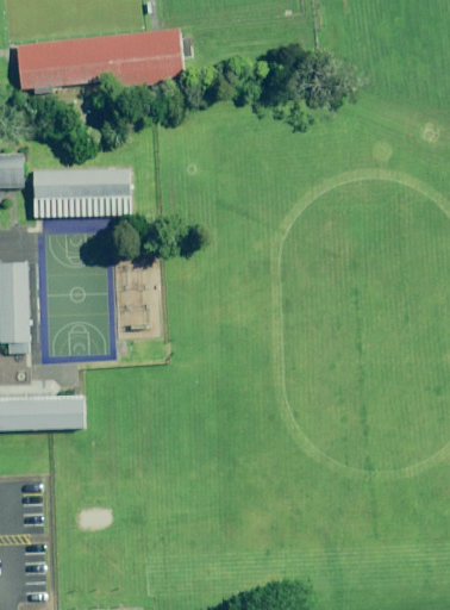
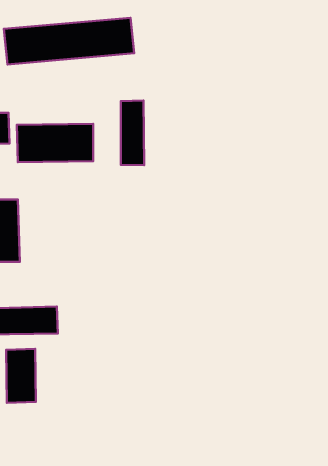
building: none -> [121,100,144,165]
building: none -> [6,349,36,403]

